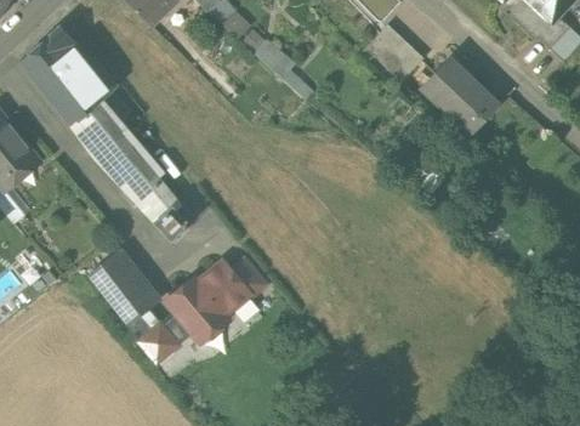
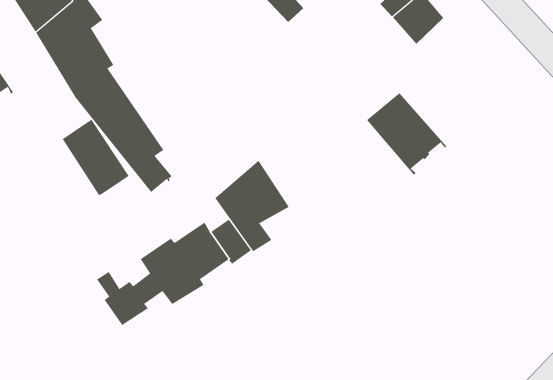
building: [422,59,497,134] -> [366,92,447,176]
building: none -> [214,160,290,252]
building: [89,255,153,324] -> [62,119,130,196]

